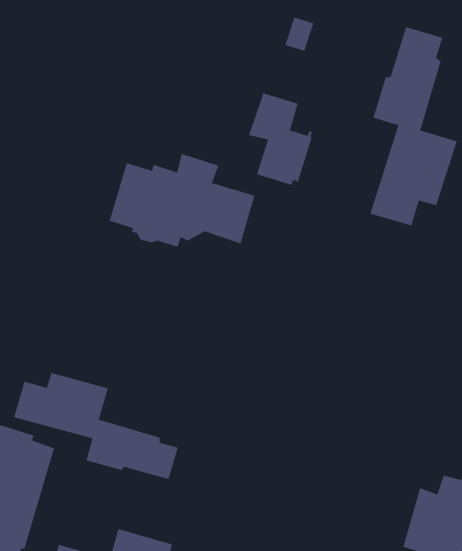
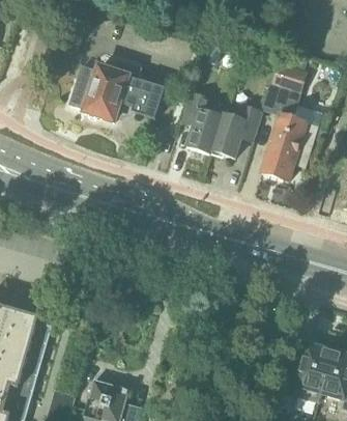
building: none -> [213,108,260,157]
building: [109,153,255,247] -> [67,58,164,120]
building: [13,372,178,480] -> none

